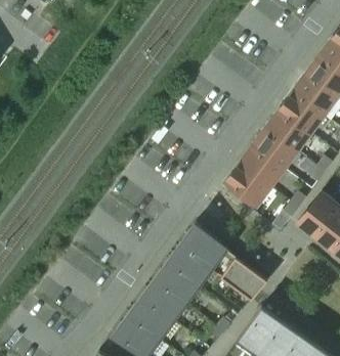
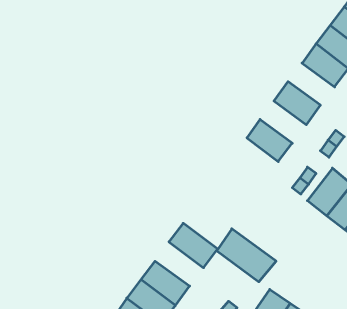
building: [279,94,323,134] -> none
building: [252,130,296,170] -> none
building: [225,165,269,206] -> none
building: [179,223,225,270] -> none
building: [153,263,199,305] -> none

